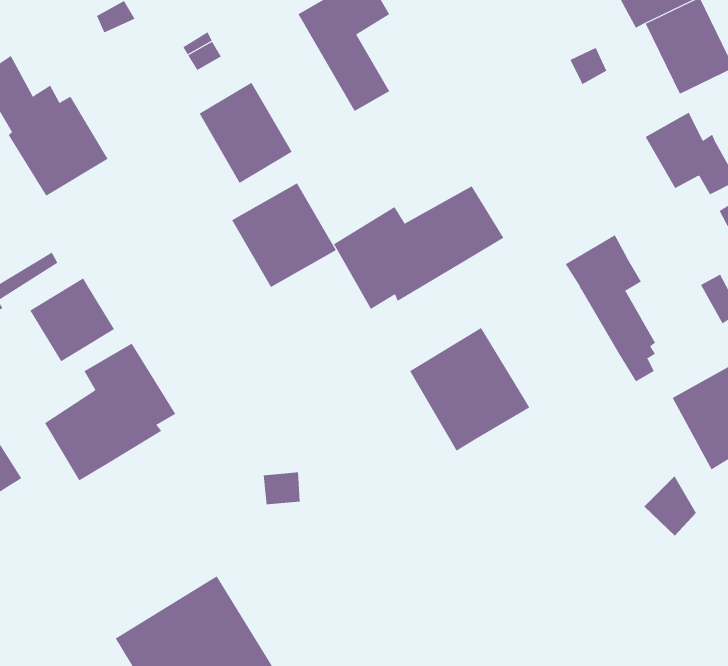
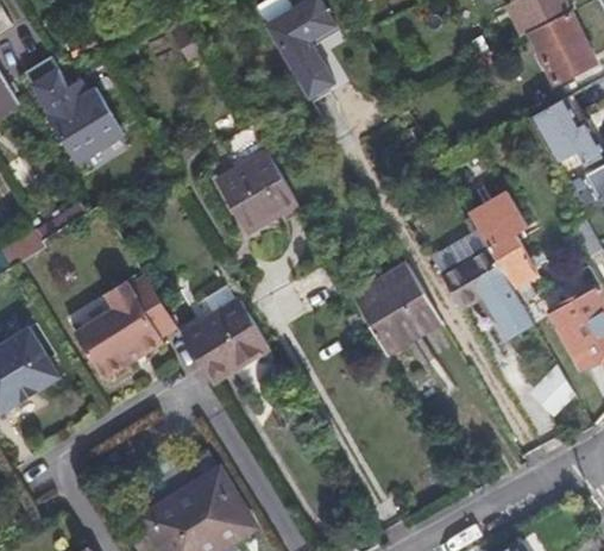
building: [199,82,293,184] -> none
building: [333,185,504,310] -> none
building: [29,278,115,362] -> none
building: none -> [433,233,535,342]
building: none -> [180,300,269,386]

